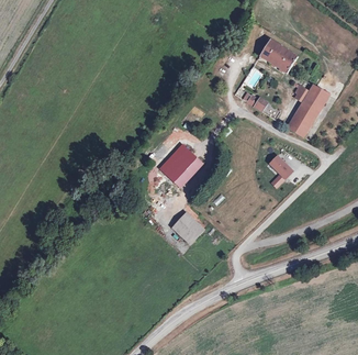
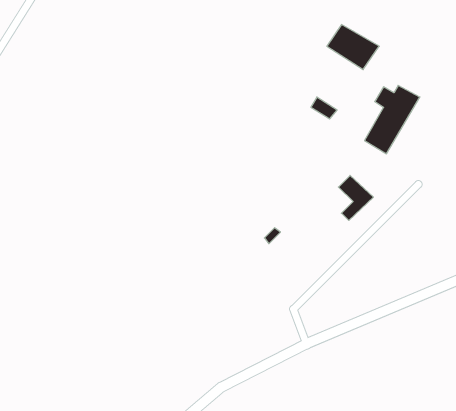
building: [160,145,201,186] -> none
building: [170,210,202,243] -> none

